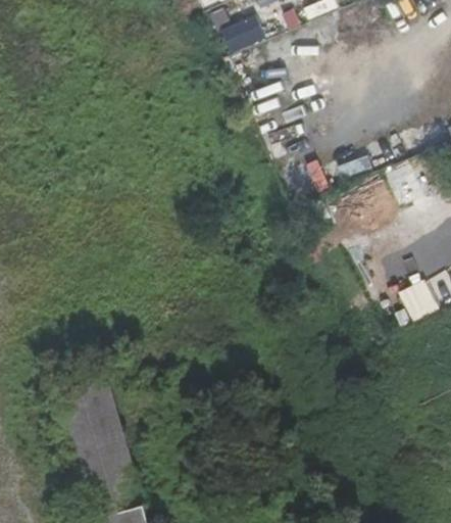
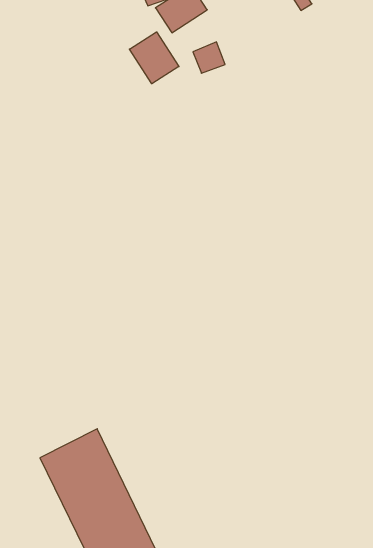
building: none -> [129,32,179,84]

